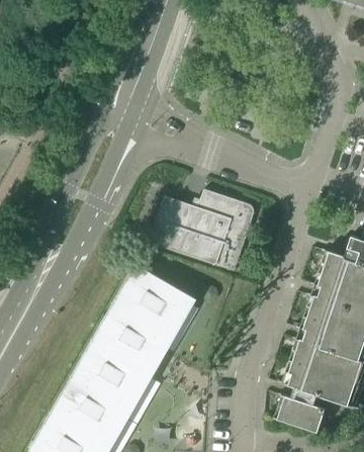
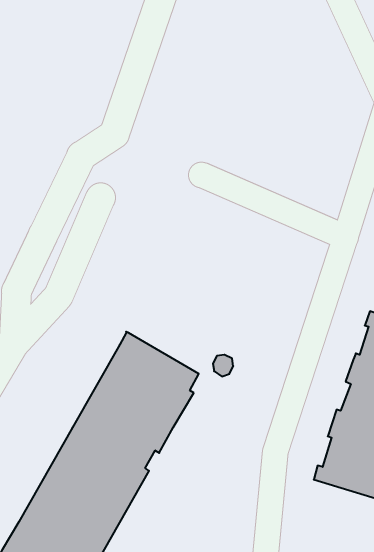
building: [150,190,255,272] -> none
building: [278,396,326,433] -> none

